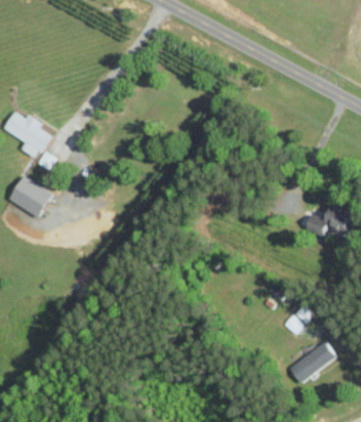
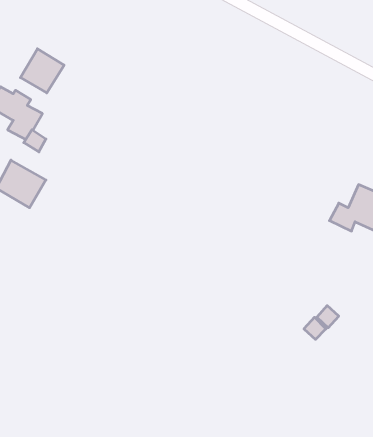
building: none -> [20,49,64,93]
building: [290,341,337,381] -> none

